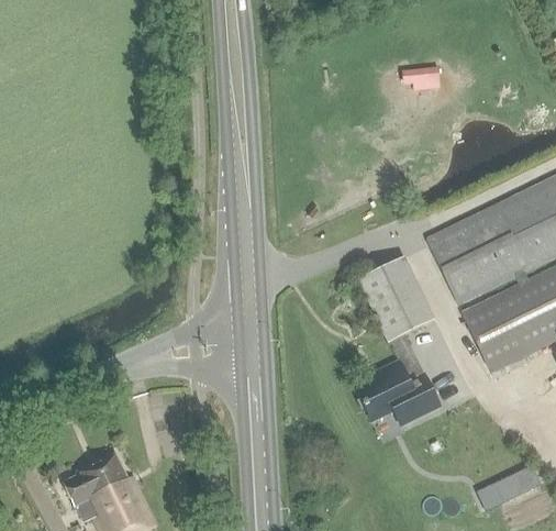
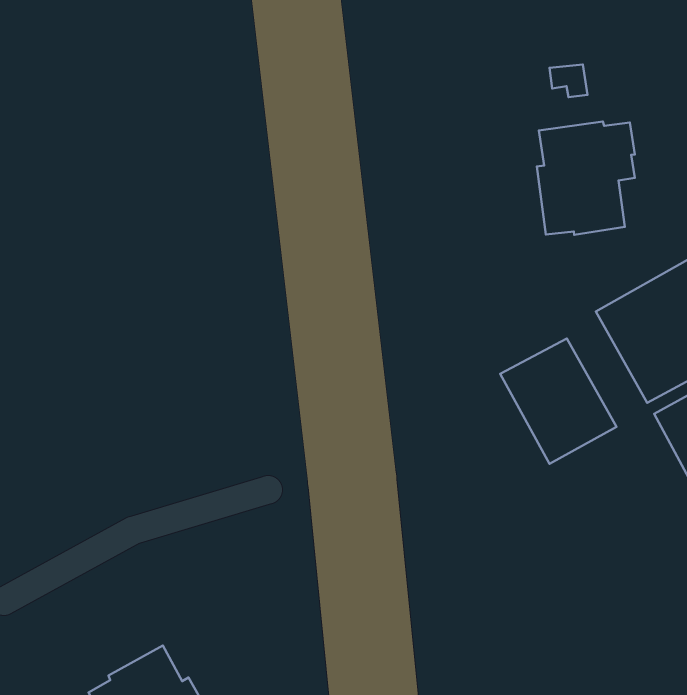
building: none -> [537,121,635,235]
building: [356,362,440,423] -> none

